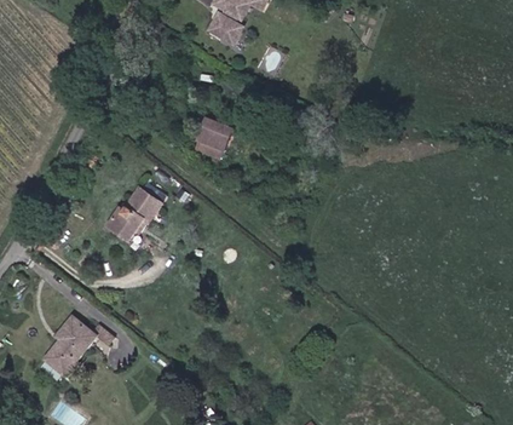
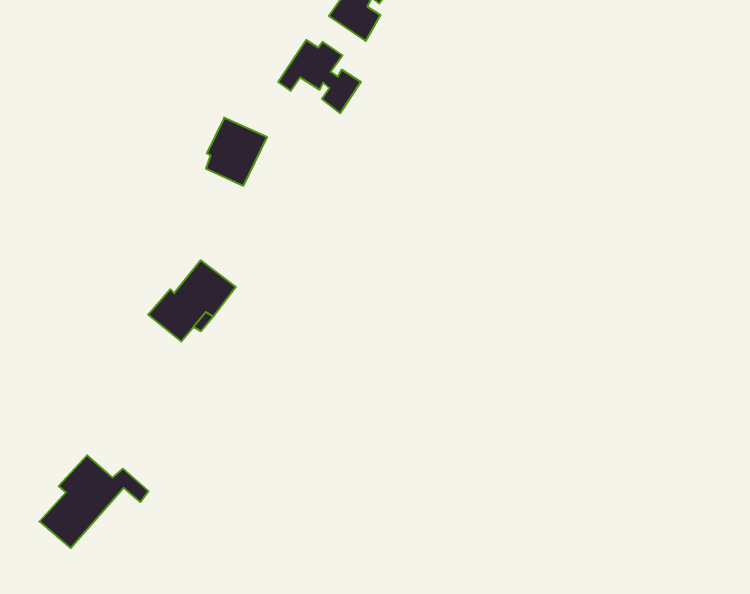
building: none -> [278,40,361,113]
building: [196,116,234,159] -> [206,118,267,186]

